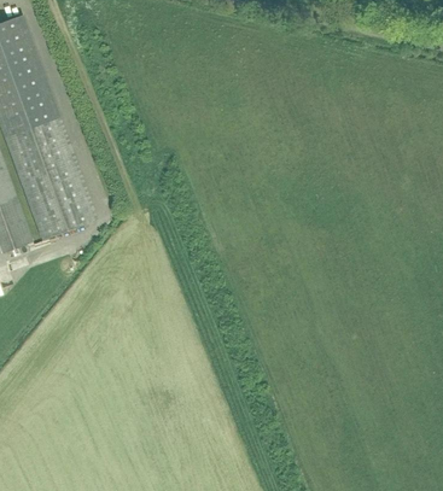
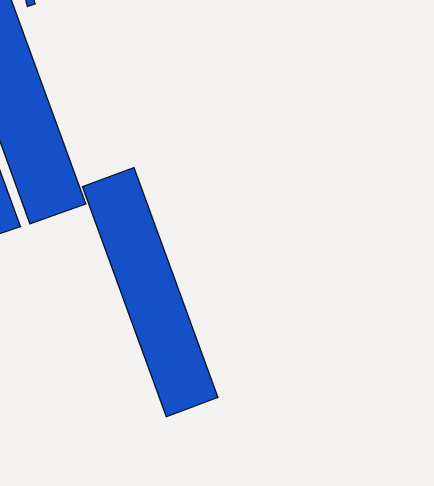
building: none -> [83,167,218,417]

